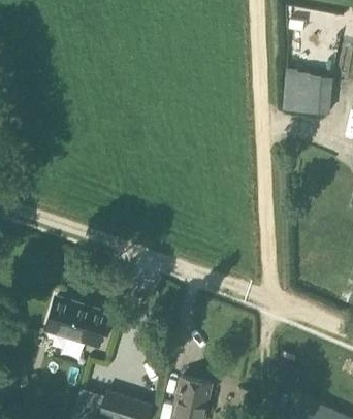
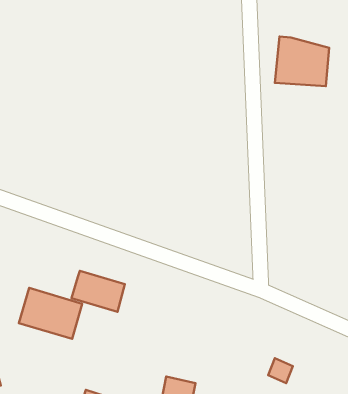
building: none -> [72,271,125,312]

